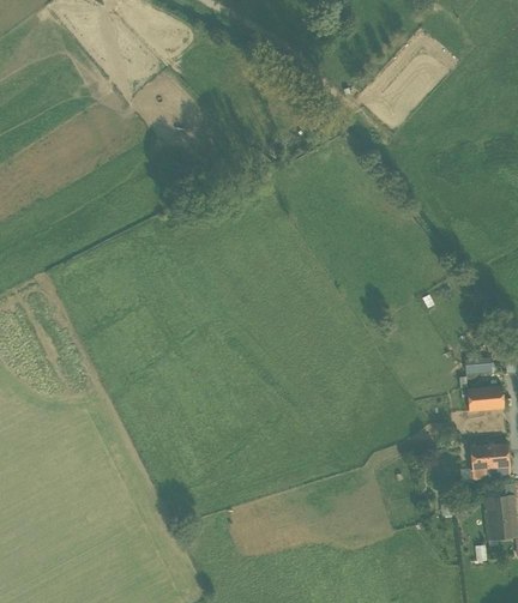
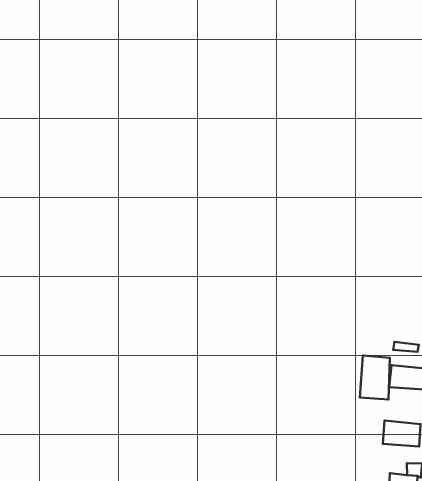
building: none -> [360,356,390,400]

